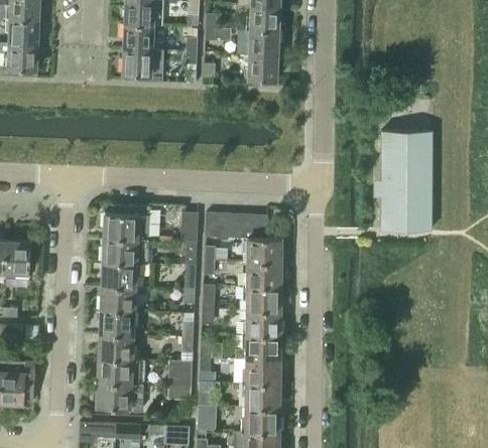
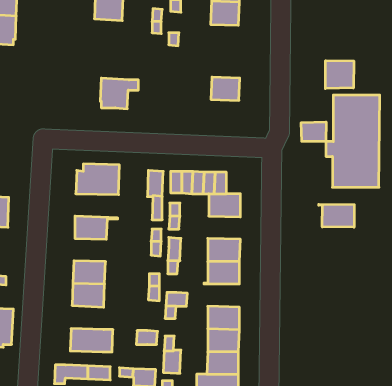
building: [122,48,163,82] -> [100,78,138,109]
building: [248,54,279,80] -> [211,77,240,100]
building: none -> [325,61,354,89]
building: none -> [301,122,326,142]
building: [102,238,149,264] -> none
building: none -> [319,204,354,227]
building: [246,262,281,287] -> none
building: [101,286,136,311] -> none
building: [235,335,280,360] -> none
building: [98,358,145,386] -> none
building: [169,361,193,387] -> none

